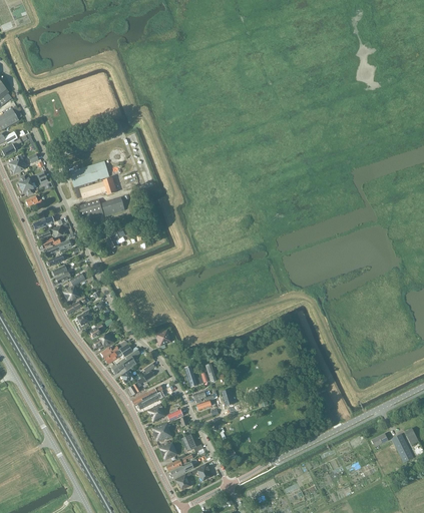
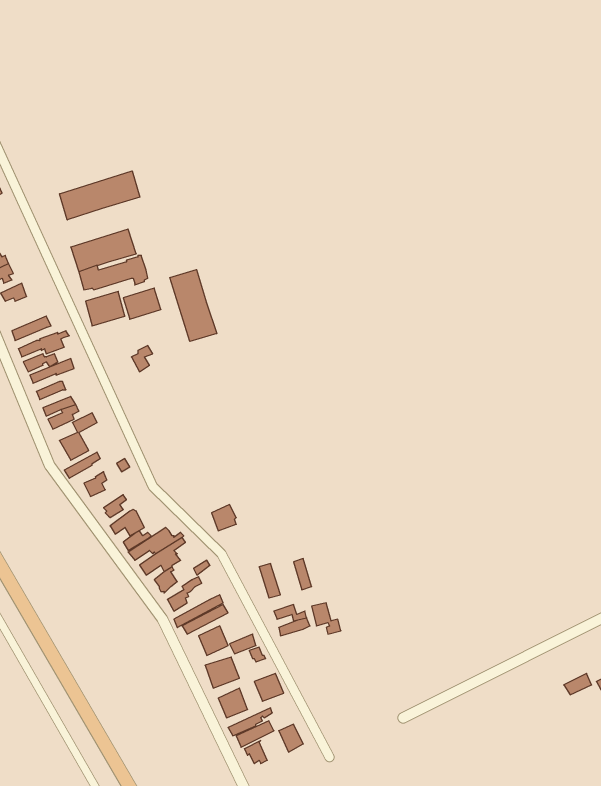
building: none -> [60,171,140,220]
building: none -> [170,270,217,341]

